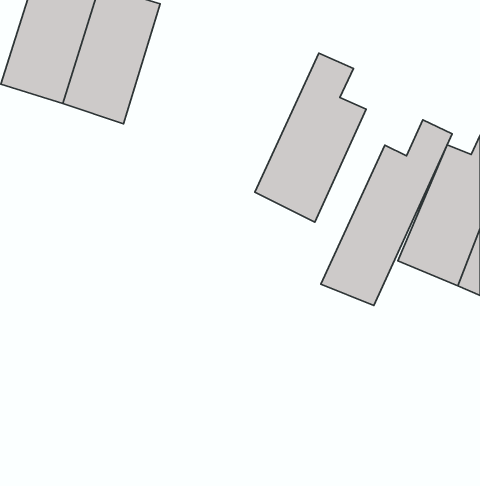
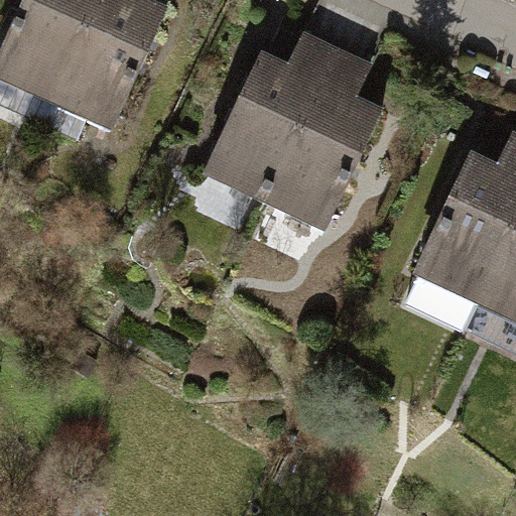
building: none -> [203,39,333,201]
building: [321,120,452,305] -> none

